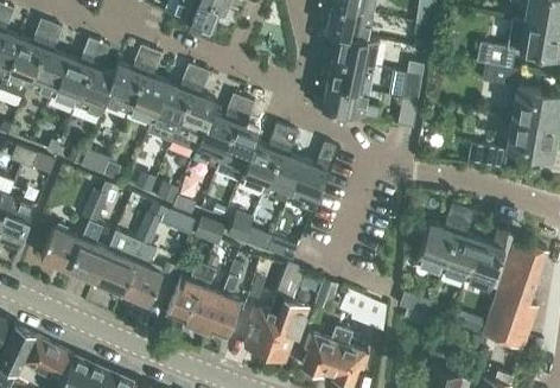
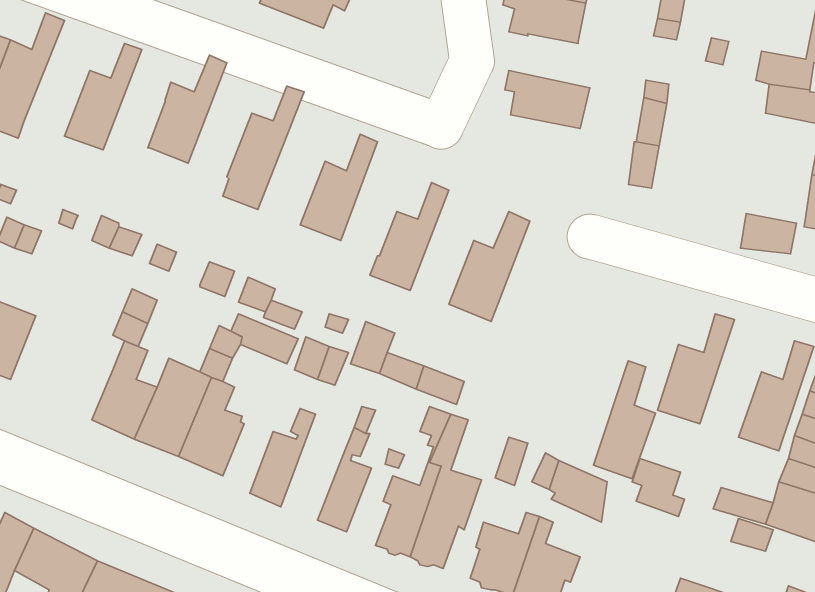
building: [27,25,68,96] -> none
building: [325,33,380,66] -> none
building: [76,43,114,114] -> none
building: [128,51,167,121] -> none
building: [171,69,216,151] -> none
building: [314,83,380,123] -> none
building: [222,100,261,170] -> none
building: [265,129,304,199] -> none
building: [443,209,481,281] -> [594,361,655,479]
building: [40,228,82,271] -> none
building: [185,267,223,332] -> none

